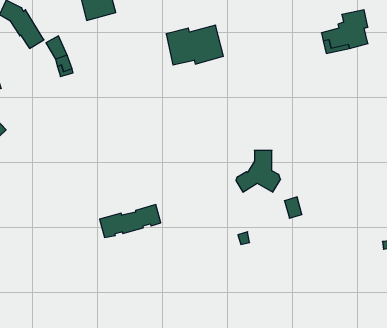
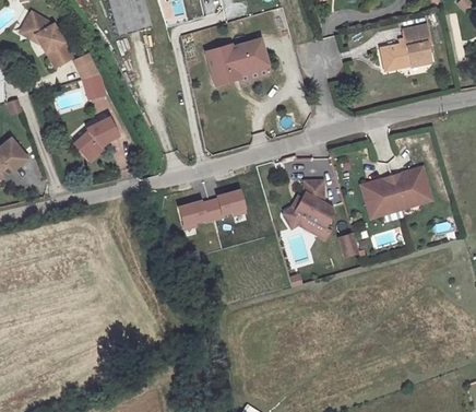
building: none -> [73,116,116,158]
building: none -> [362,166,432,216]
building: [100,205,161,237] -> [177,189,246,226]

